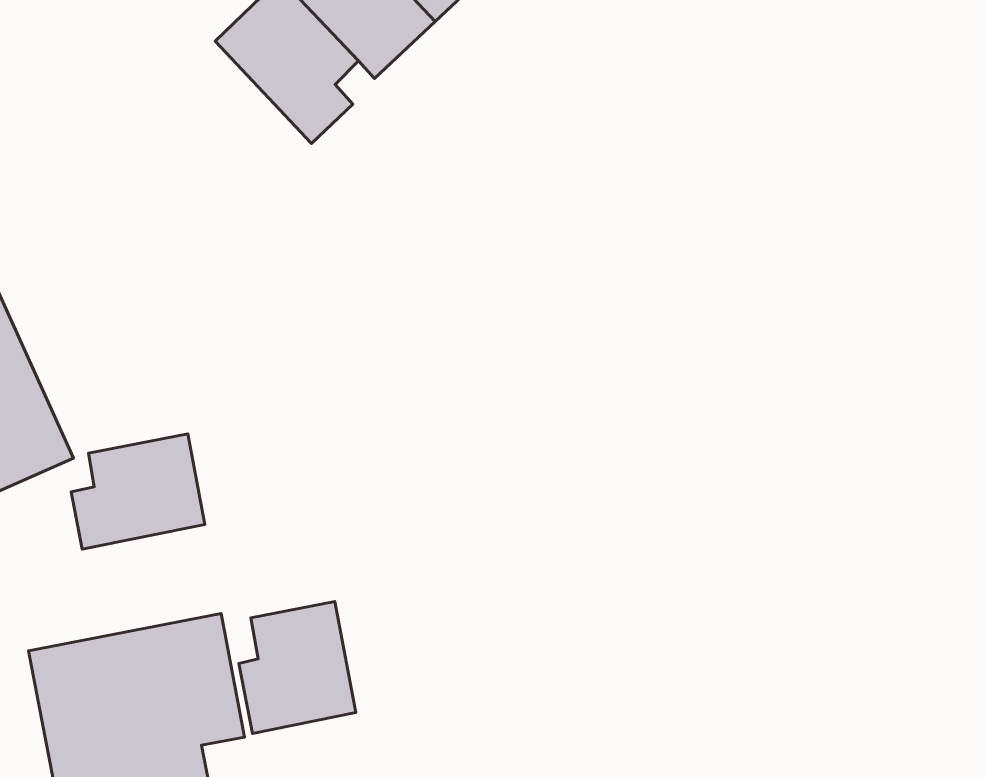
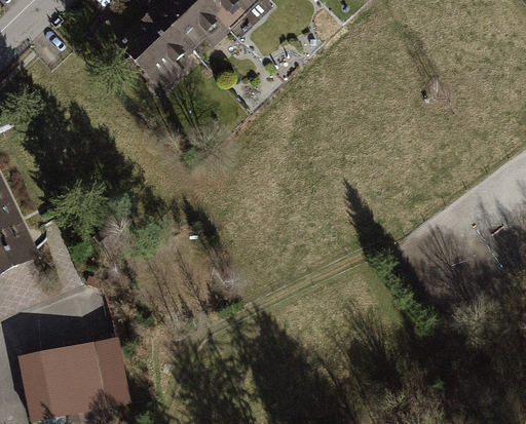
building: [71,434,205,549] -> none
building: [239,601,356,734] -> none

